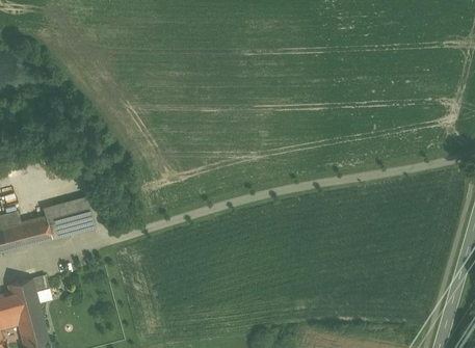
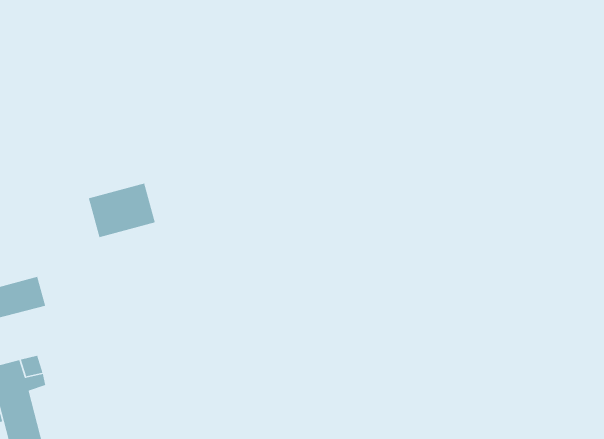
building: [43,197,94,239] -> [88,182,156,238]

